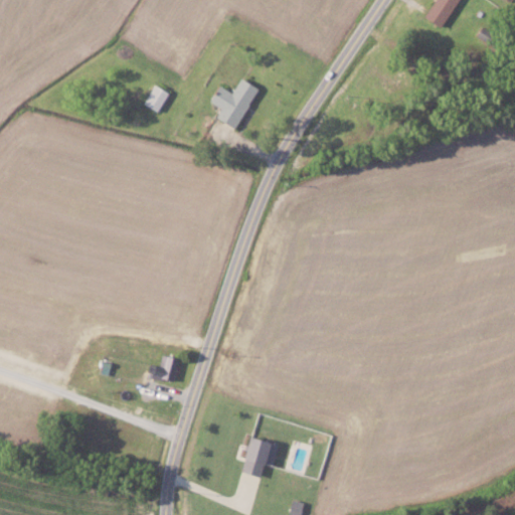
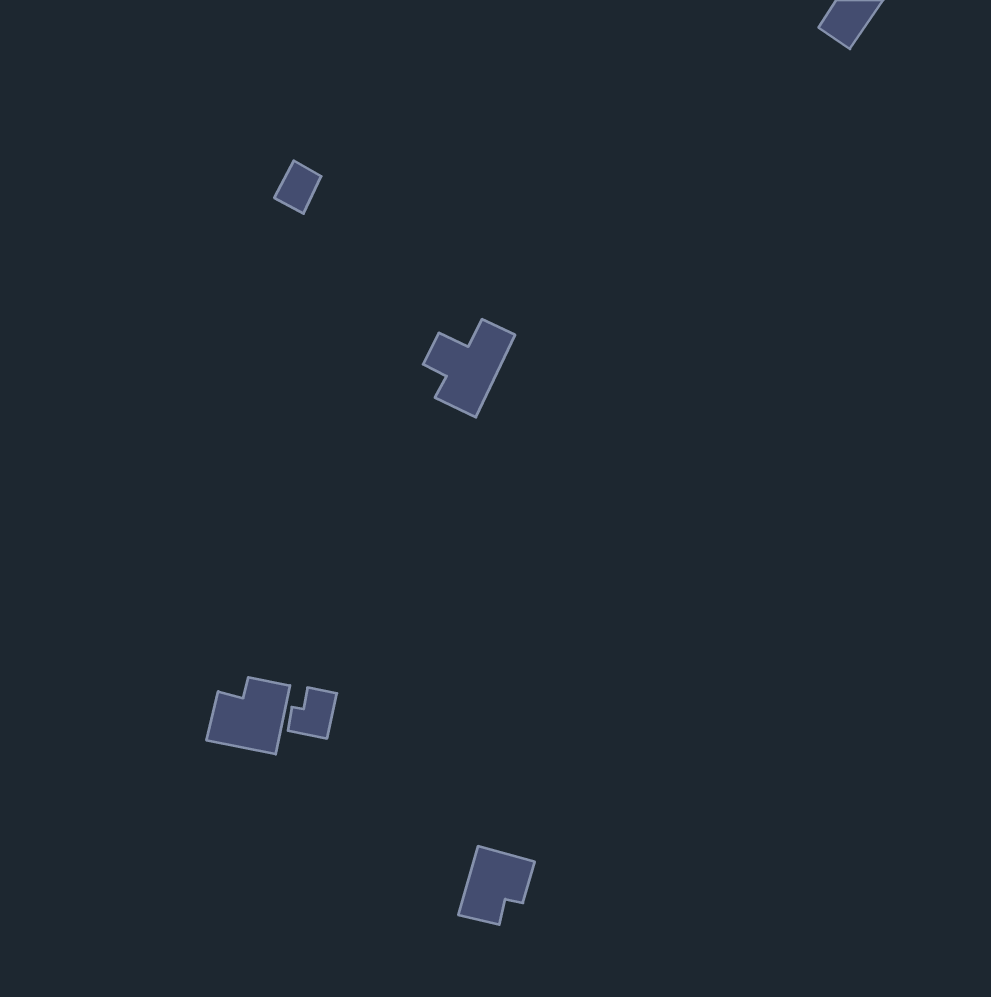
building: [211,78,259,129] -> [423,319,515,417]
building: none -> [207,677,290,754]

